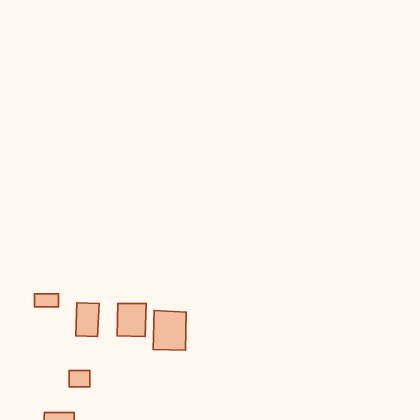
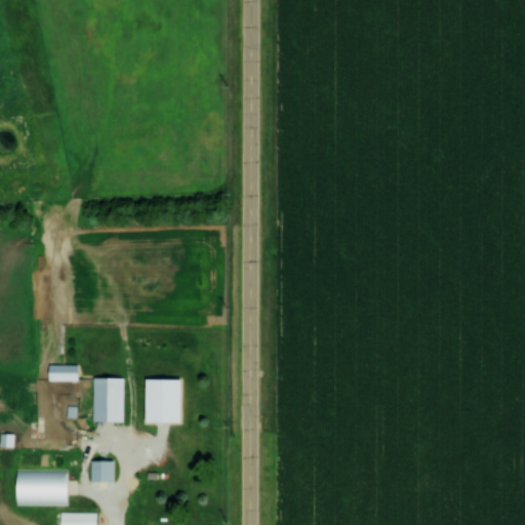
building: [153,310,186,350] -> none
building: none -> [19,470,68,504]

